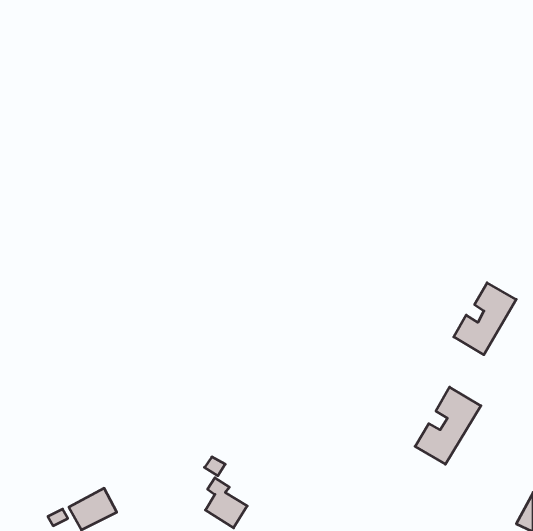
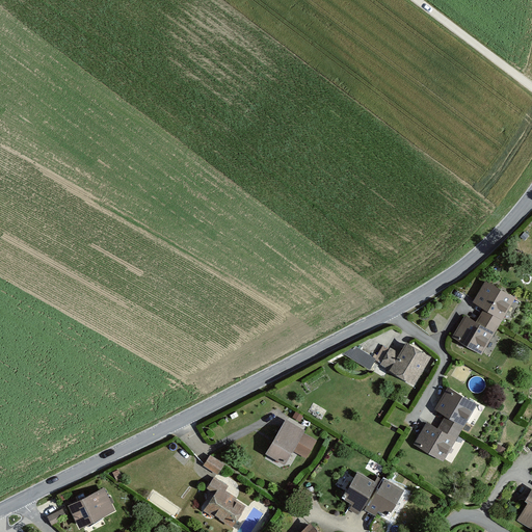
building: none -> [372,343,430,385]
building: none -> [267,419,317,462]
building: none -> [342,473,402,521]

